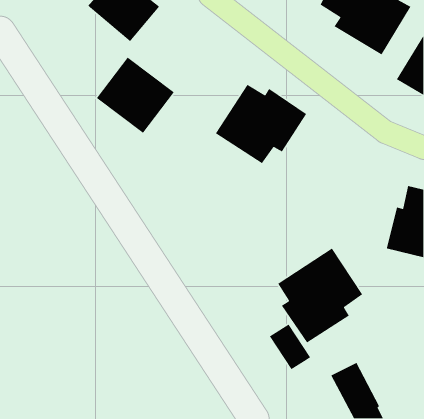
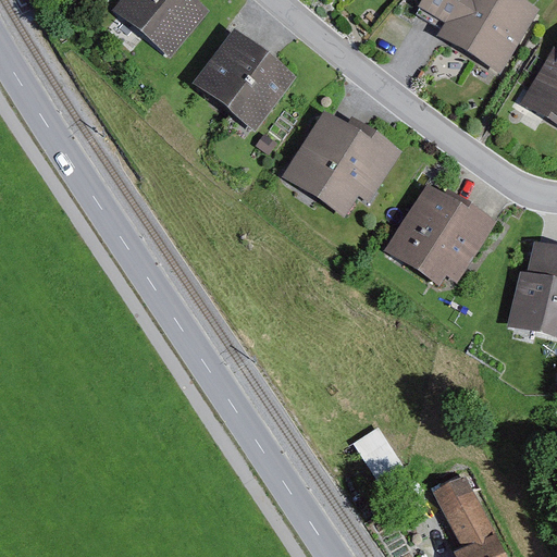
building: [96,57,175,134] -> [194,29,297,131]
building: none -> [385,185,497,286]
building: [277,247,363,344] -> none

